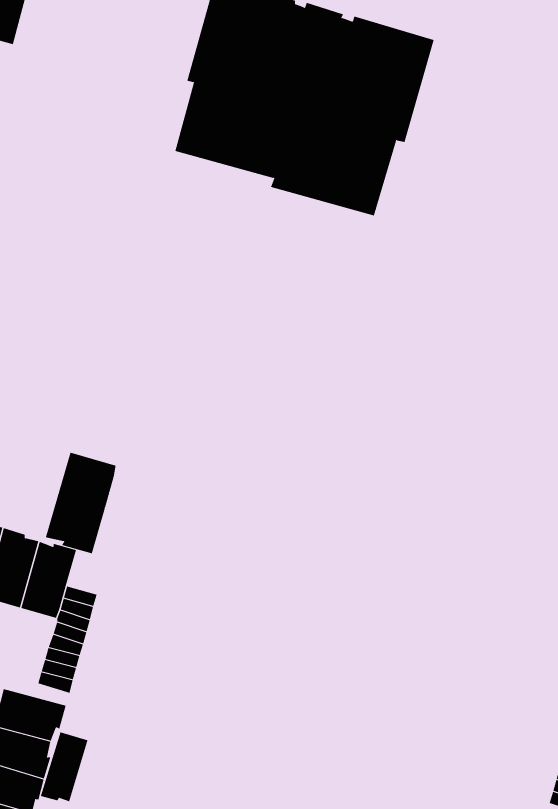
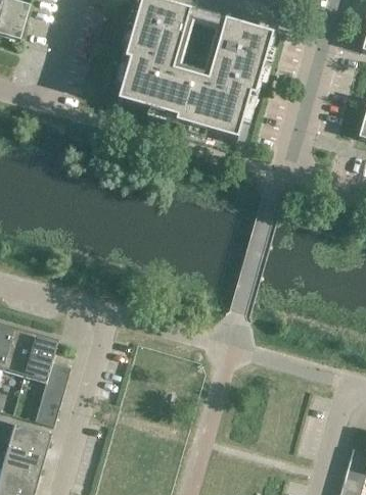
building: [45,452,116,554] -> none
building: [40,731,88,802] -> none

